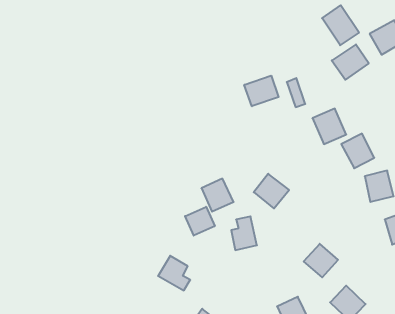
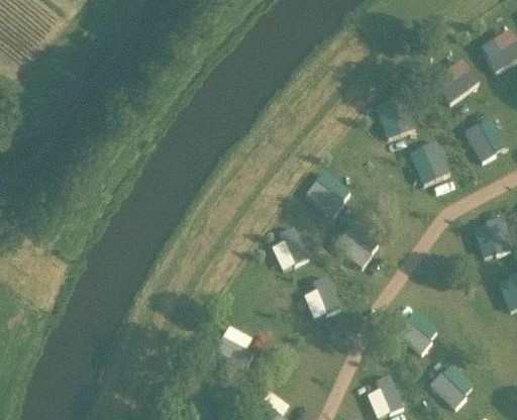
building: [322,5,359,45] -> none
building: [244,76,279,106] -> none
building: none -> [305,170,351,216]
building: [341,134,374,168] -> [466,118,507,162]
building: [185,207,215,236] -> none

